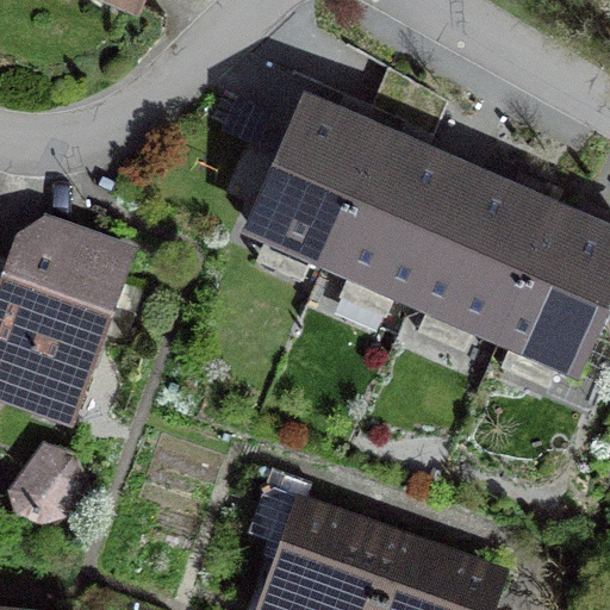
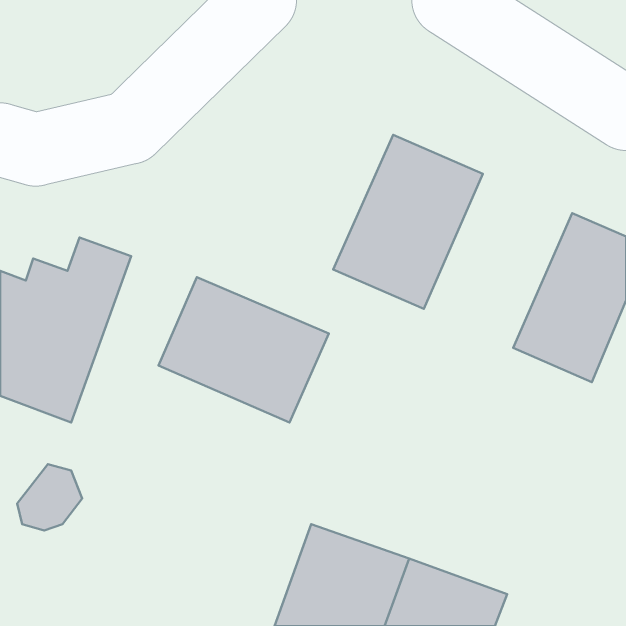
building: [248,98,382,262] -> none
building: [412,169,556,338] -> none
building: none -> [159,277,329,423]

